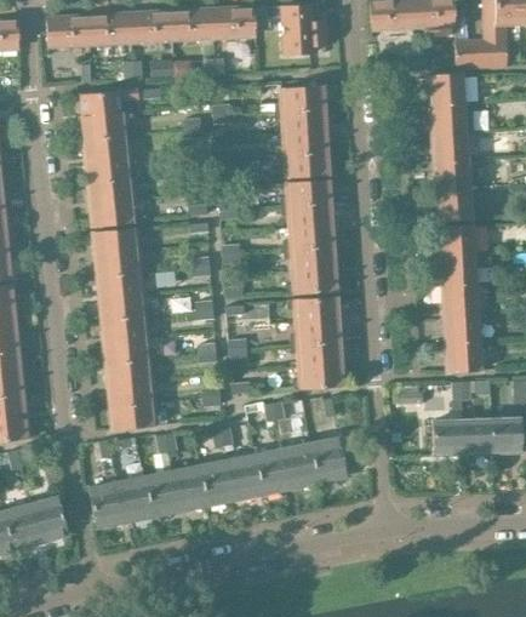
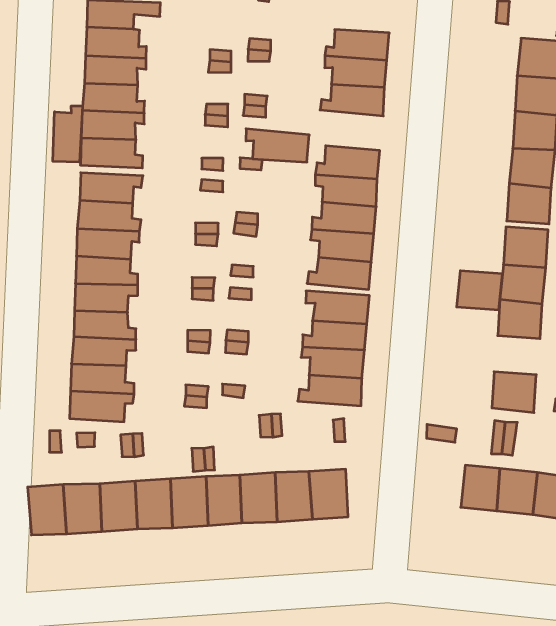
building: [276,153,328,178] -> [246,129,309,162]
building: none -> [53,106,82,162]
building: [444,312,479,343] -> [457,271,503,310]

